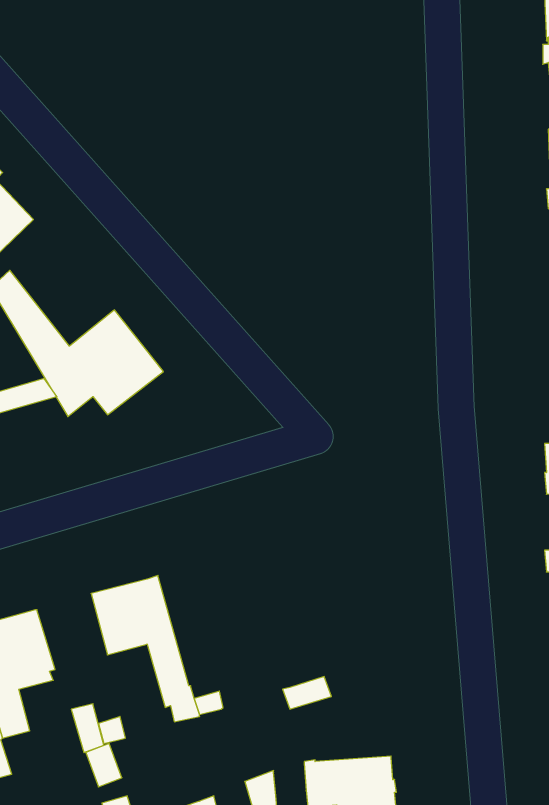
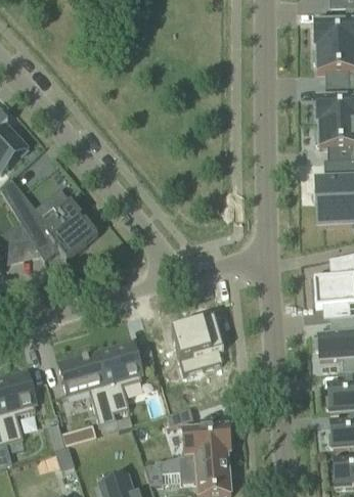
building: none -> [172,317,223,373]
building: none -> [95,341,142,413]
building: none -> [182,426,230,456]

